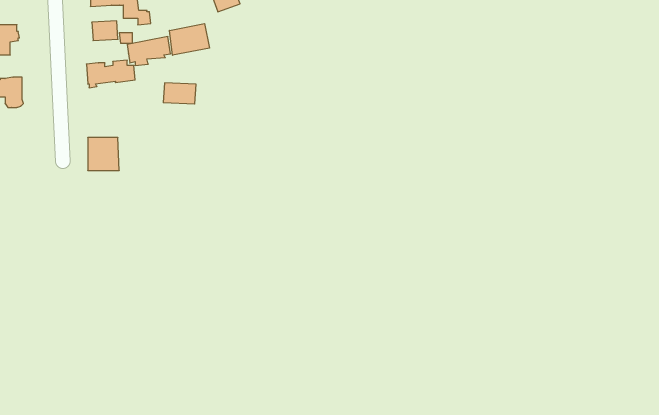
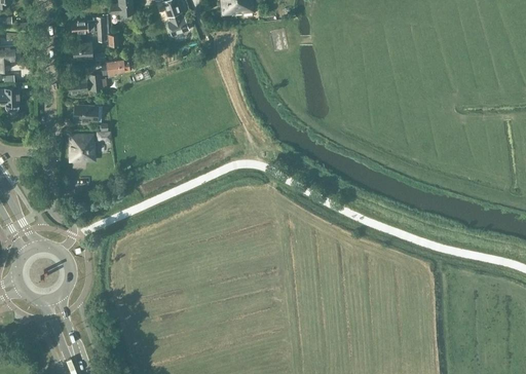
building: [169,24,209,55] -> none
building: [163,83,196,104] -> [73,106,99,122]

